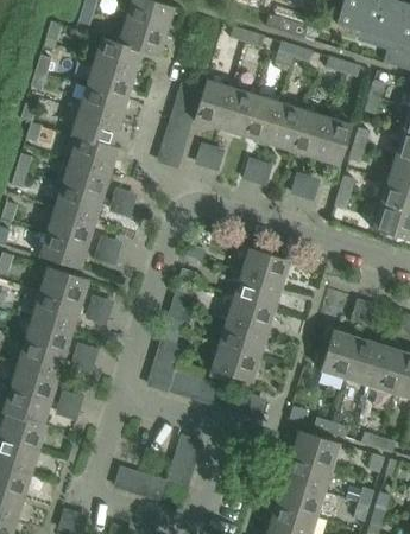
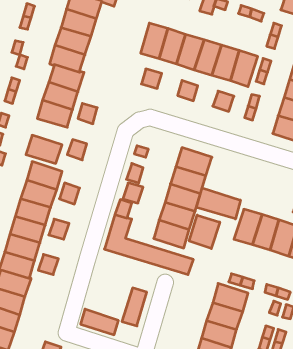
building: [156,82,201,166] -> none
building: [48,209,95,244] -> none
building: none -> [197,188,240,219]
building: none -> [189,215,220,249]

